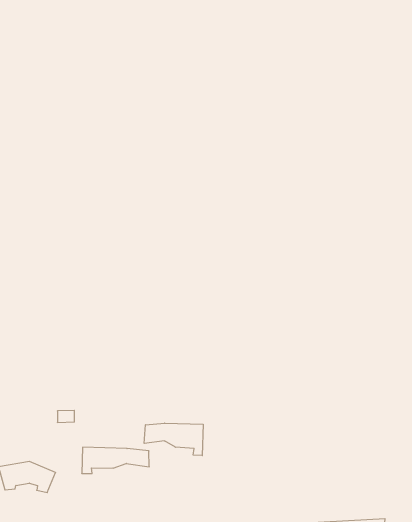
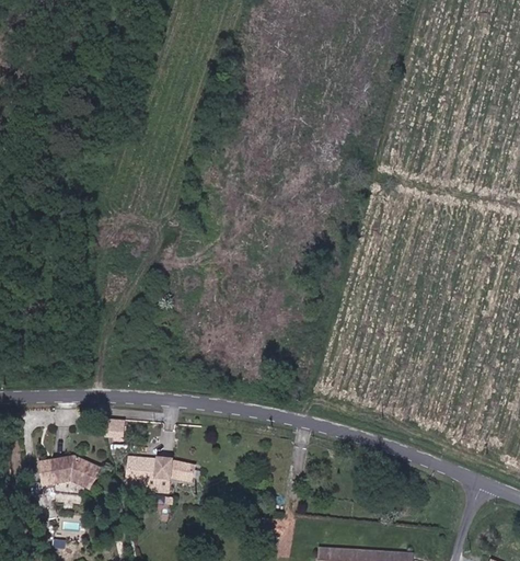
building: [144,423,203,456] -> none

